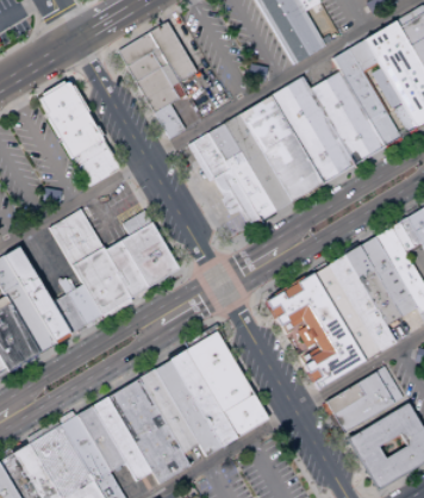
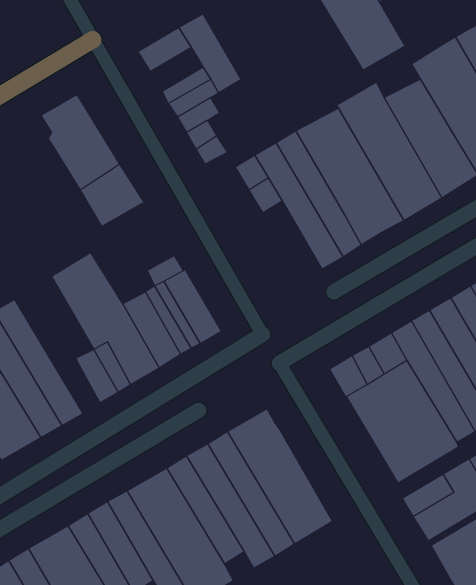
building: [126,48,168,82] -> none
building: [214,168,261,226] -> none
building: [54,292,87,335] -> none

